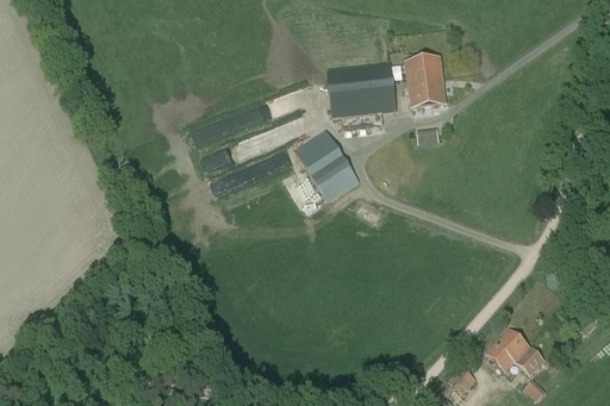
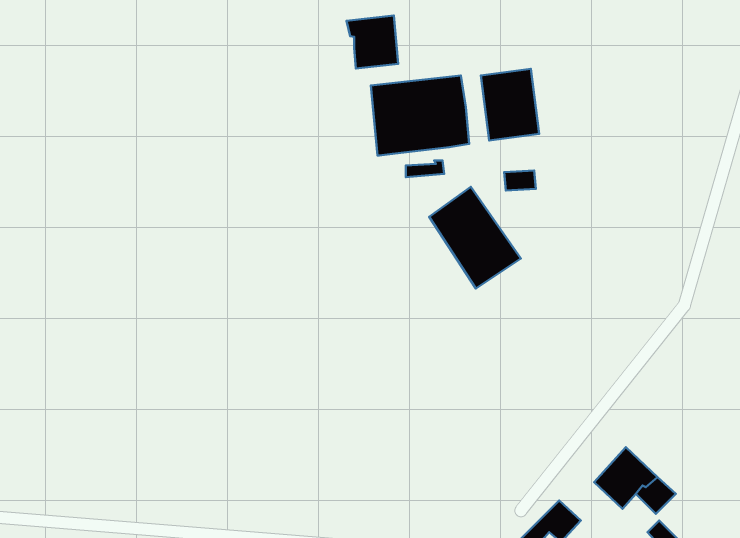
building: none -> [347,16,398,69]
building: [294,130,360,202] -> [429,187,521,288]

